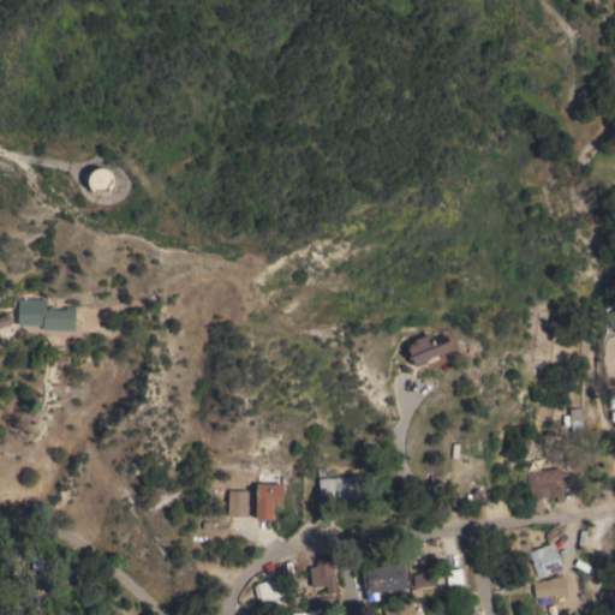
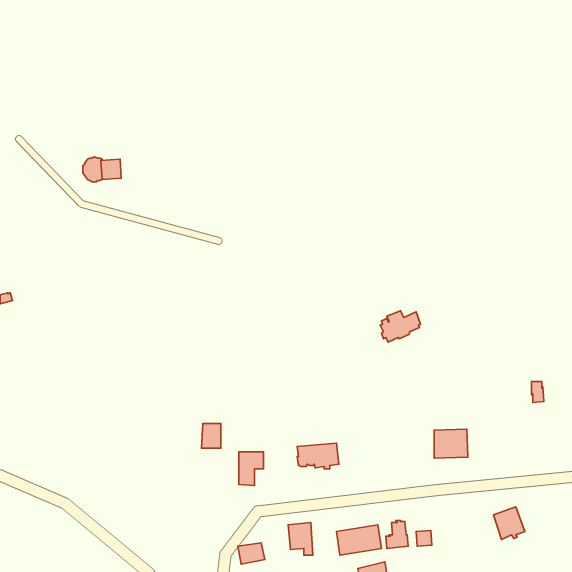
building: [18,299,77,332] -> none
building: [529,471,565,502] -> [434,429,468,458]
building: [228,491,249,518] -> [202,424,221,448]
building: [533,577,569,599] -> none

